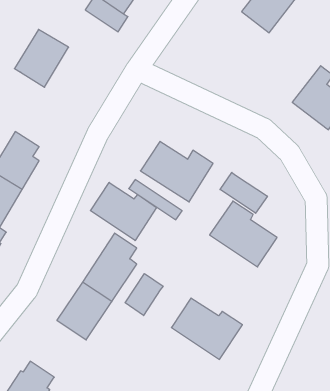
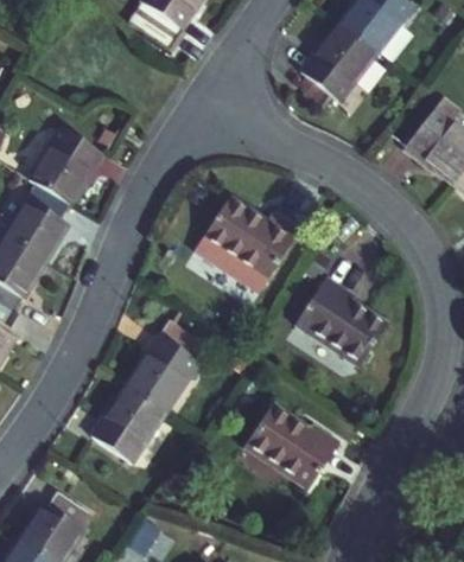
building: none -> [301,25,375,101]
building: [14,29,69,87] -> [27,128,100,205]
building: [220,172,267,213] -> none
building: [90,182,157,241] -> none
building: [125,274,163,316] -> none

